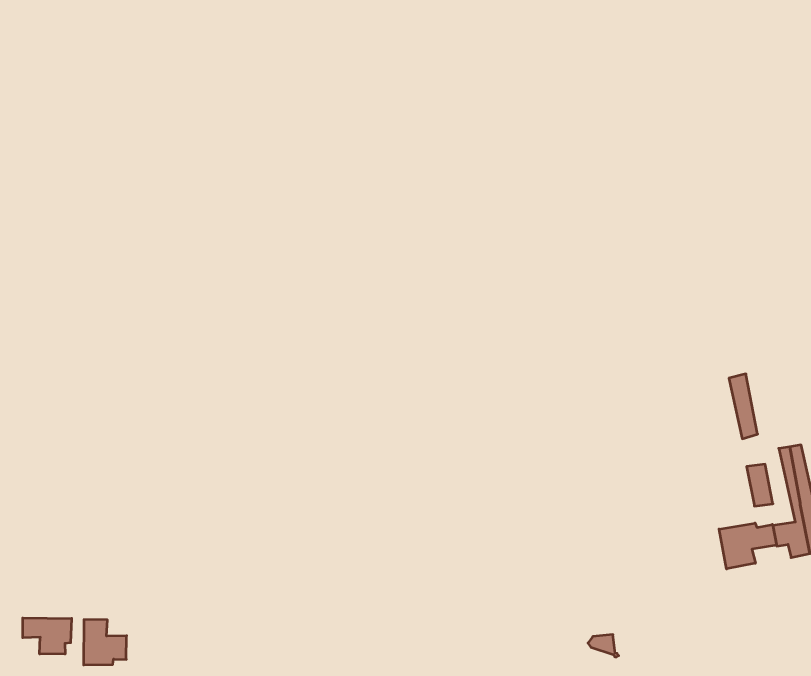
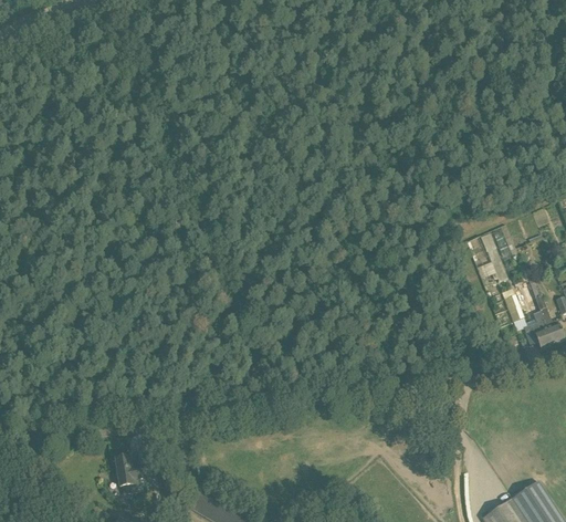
building: [719,523,776,569] -> none
building: [23,618,72,654] -> none

